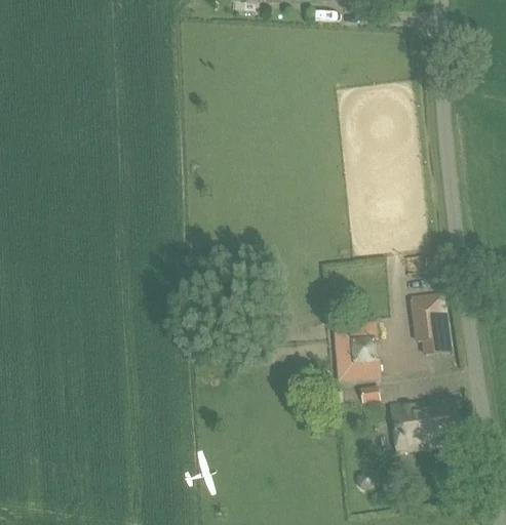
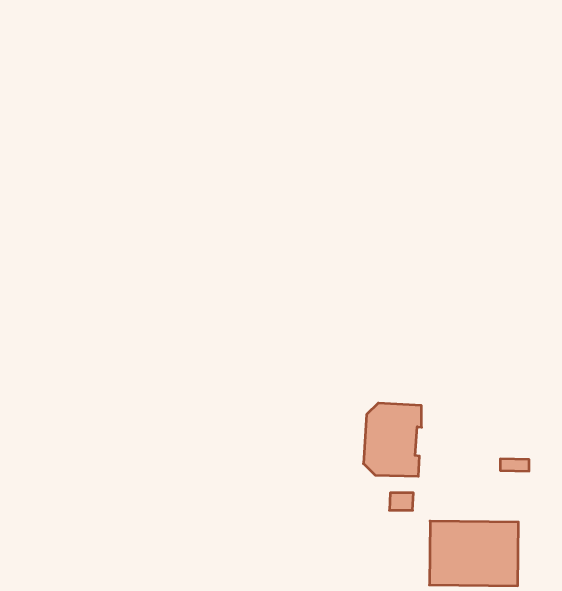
building: [410,295,447,356] -> none

